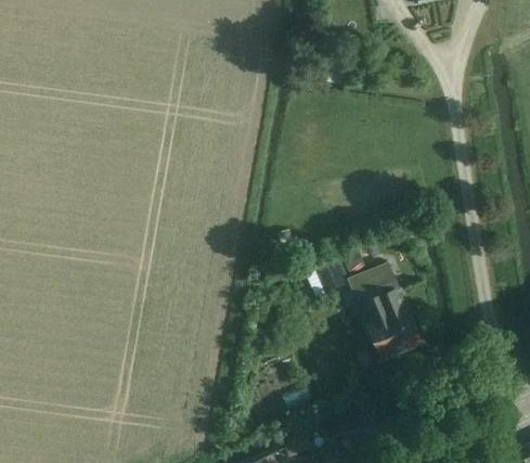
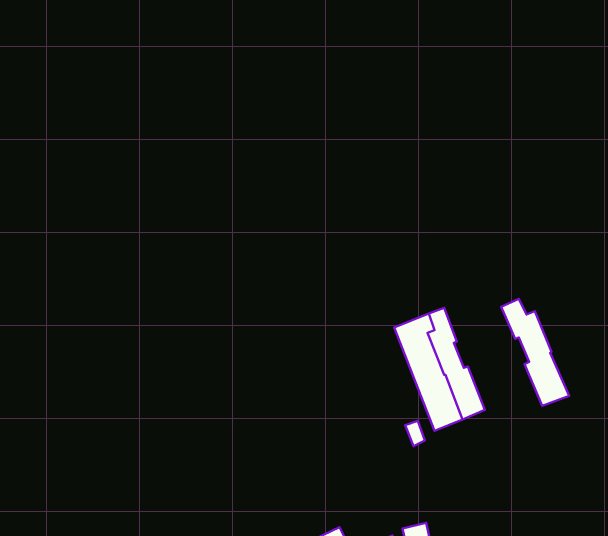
building: none -> [501,299,569,406]

